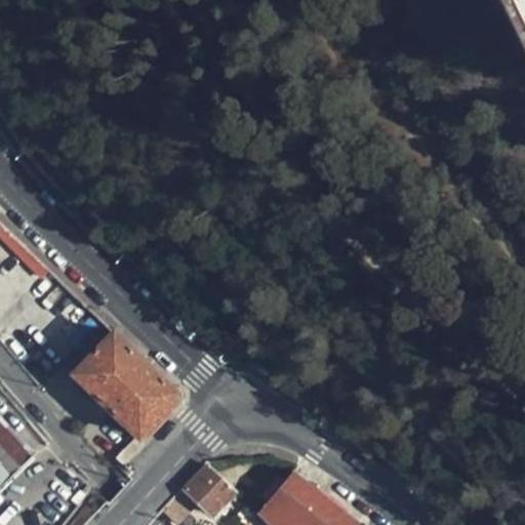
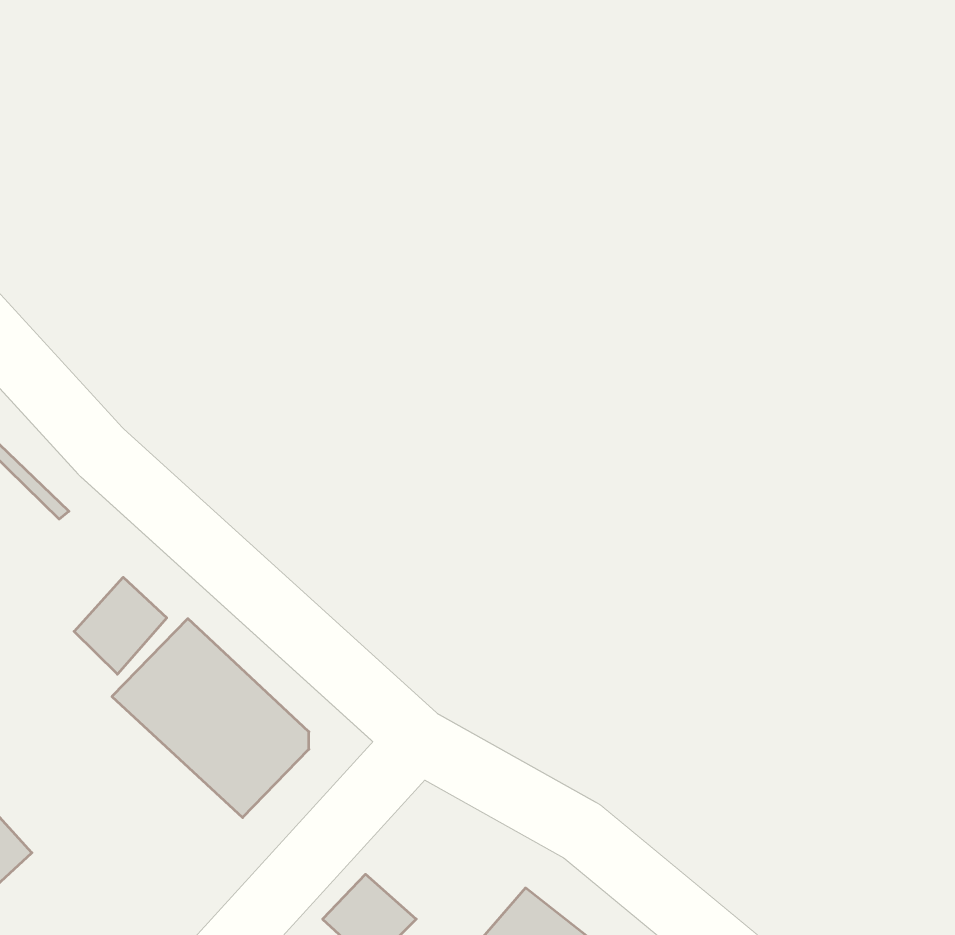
building: none -> [74,577,167,674]

